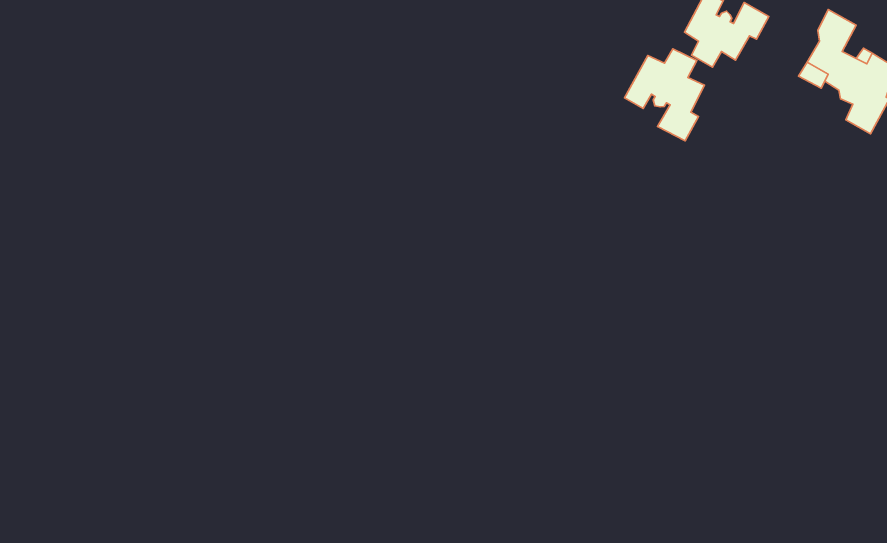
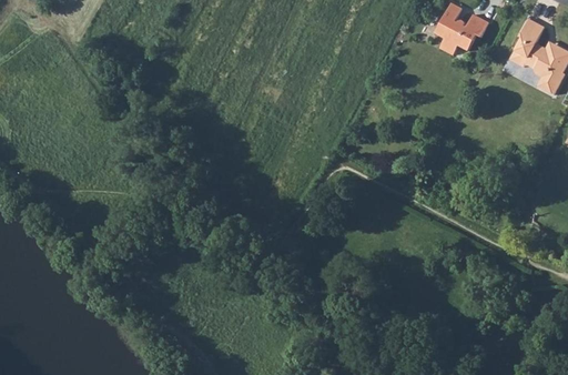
building: [624,49,704,141] -> none

